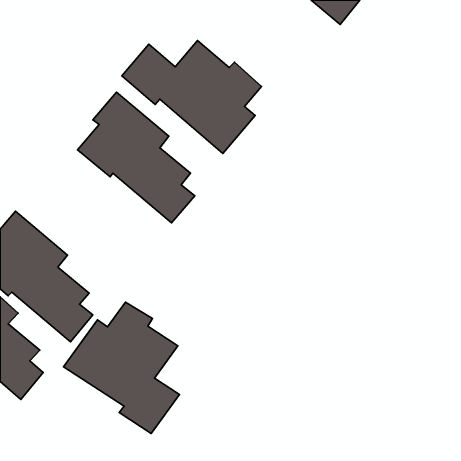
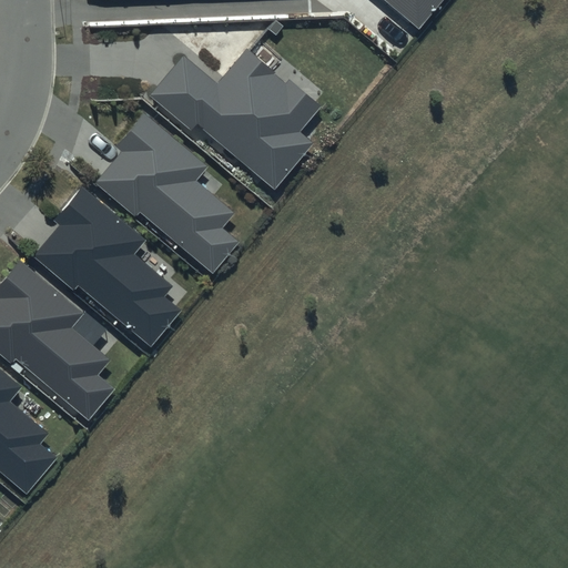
building: none -> [36,185,180,346]
building: [64,302,180,433] -> none

